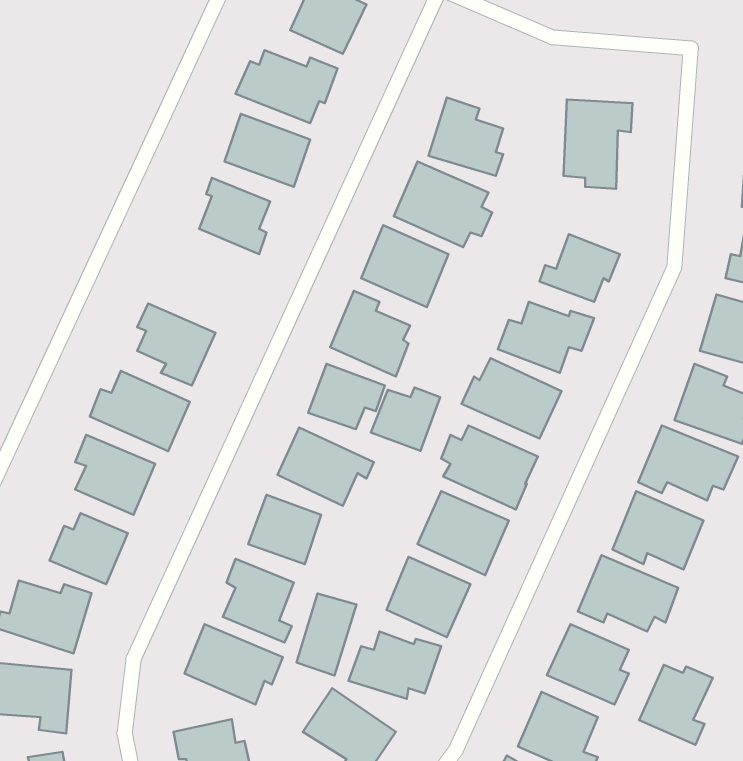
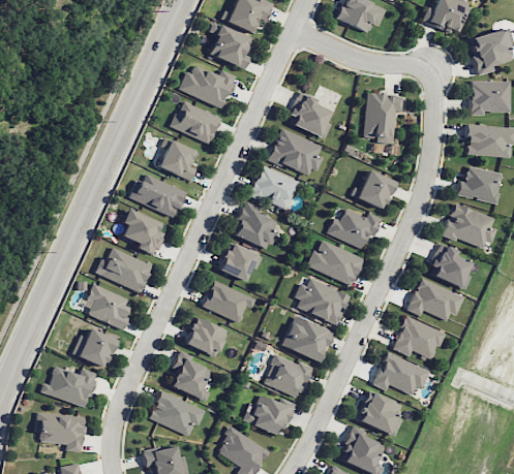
building: none -> [129,173,185,217]
building: [371,387,440,451] -> none
building: [297,593,356,675] -> none
building: [639,665,713,745] -> none

